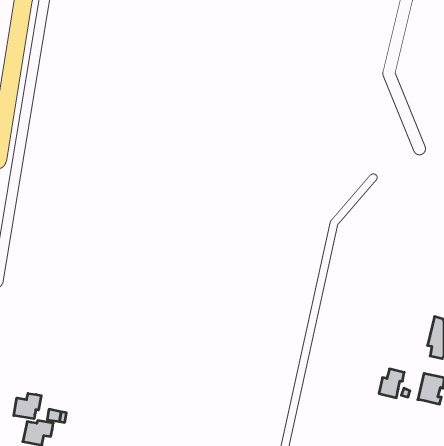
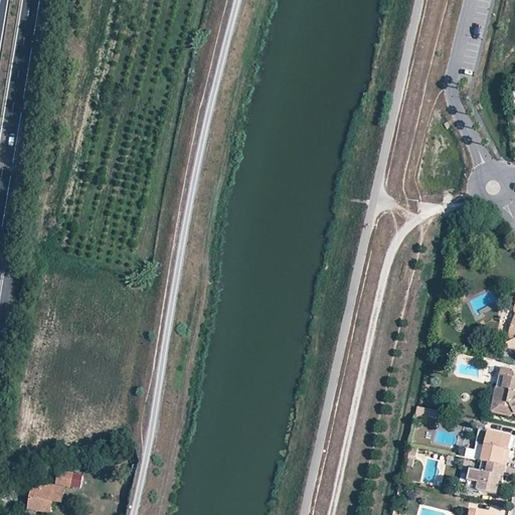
building: [379,369,404,398] -> [477,461,506,494]
building: [14,393,41,419] -> none

